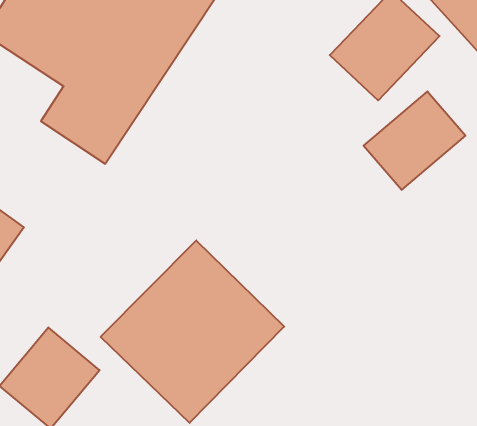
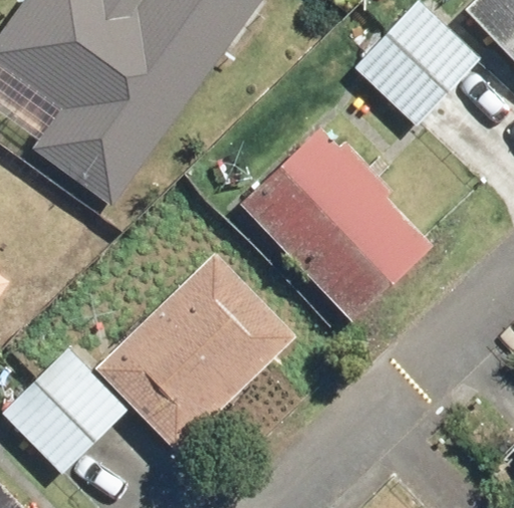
building: [364,91,465,190] -> none
building: none -> [246,135,424,317]

